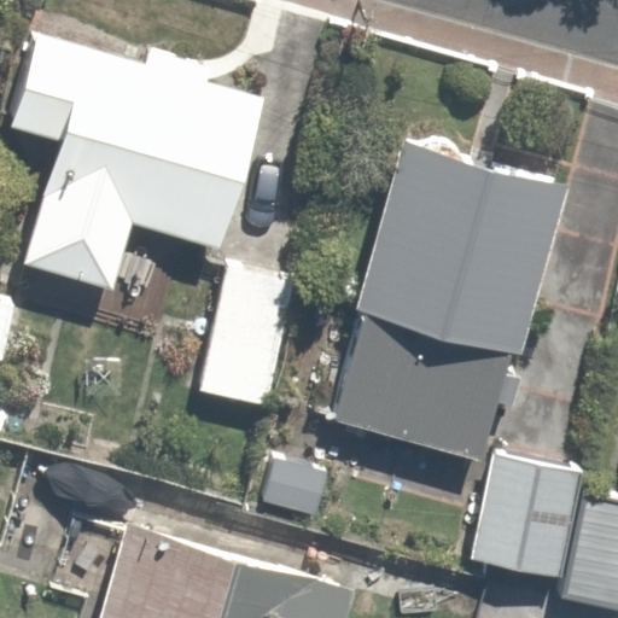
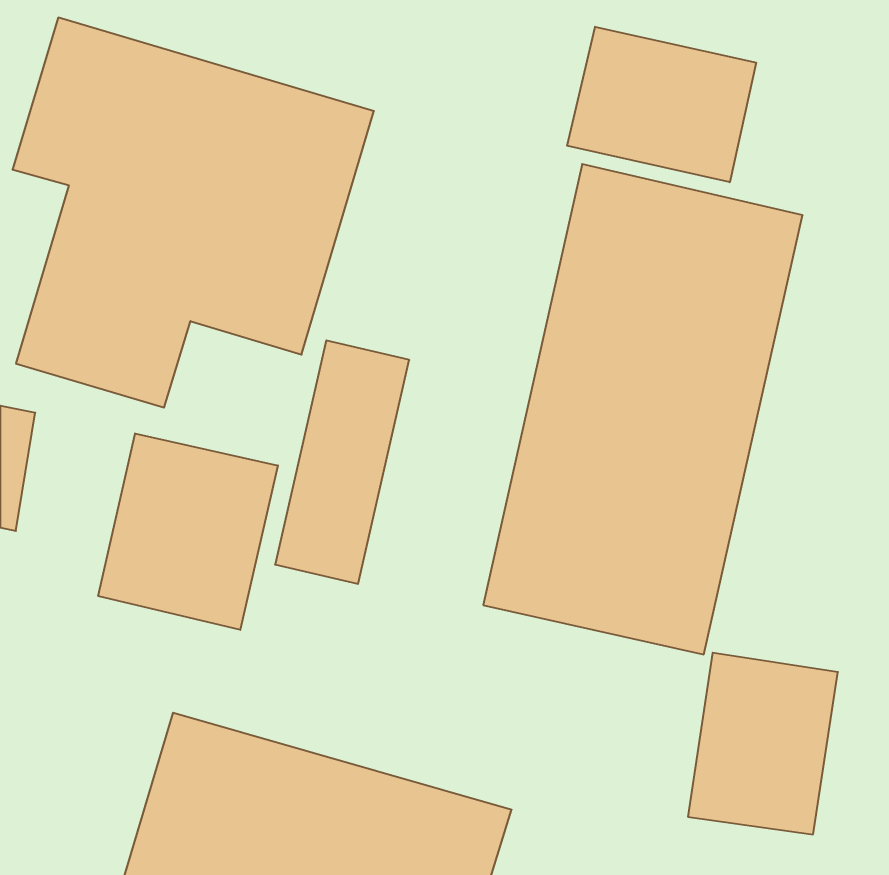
building: none -> [567,27,756,182]
building: none -> [98,433,278,630]

